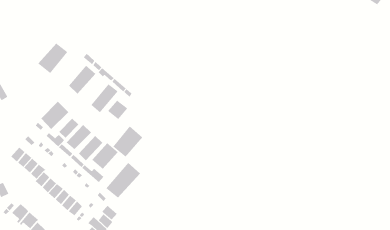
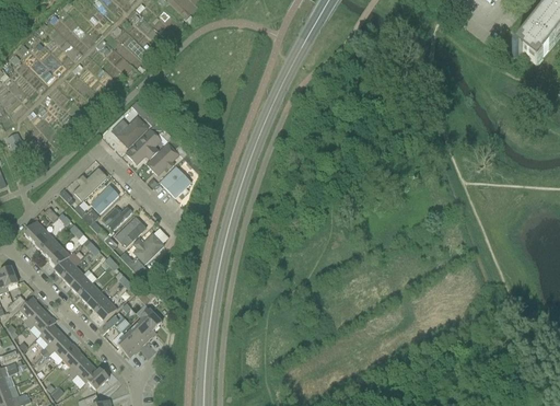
building: [38,43,68,74] -> [120,128,163,170]
building: [112,126,143,158] -> none
building: [105,162,141,199] -> none

